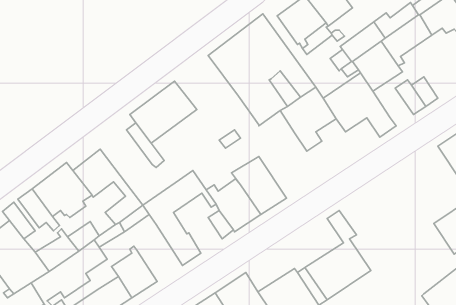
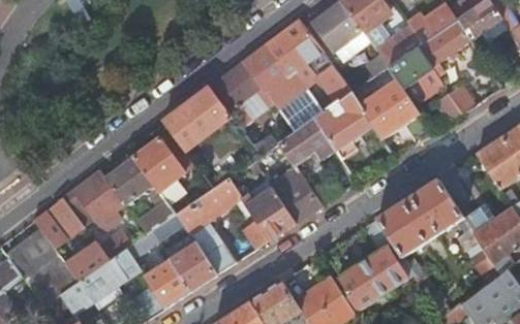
building: none -> [208,62,273,128]
building: none -> [279,118,330,164]
building: none -> [132,137,185,192]
building: none -> [375,180,463,258]
building: none -> [170,233,216,291]

